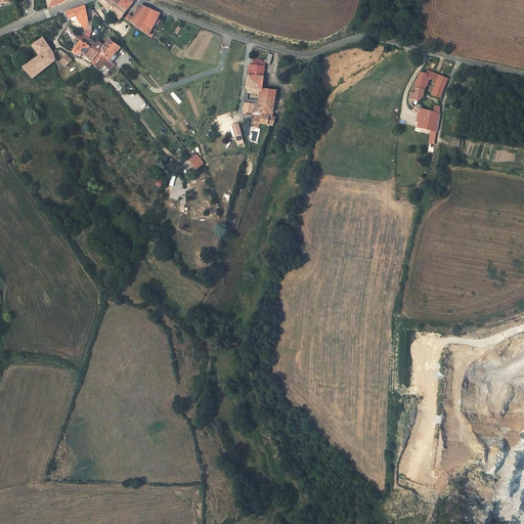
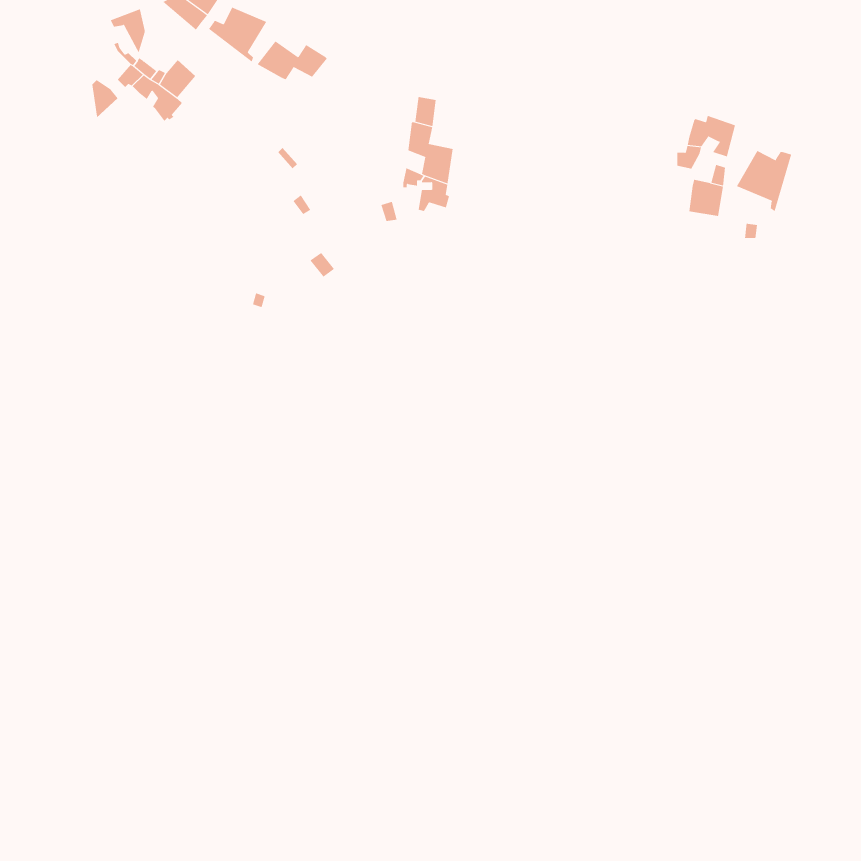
building: none -> [257,41,328,80]
building: [19,36,53,77] -> none
building: none -> [736,150,792,212]

